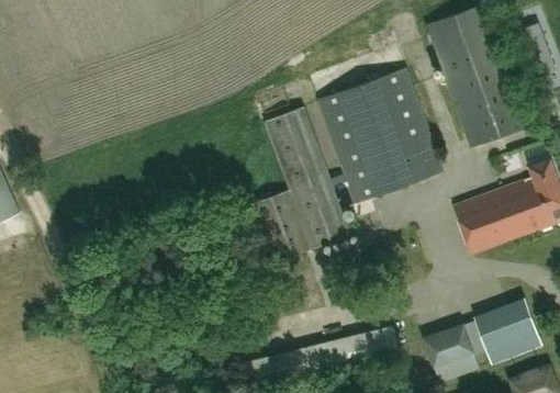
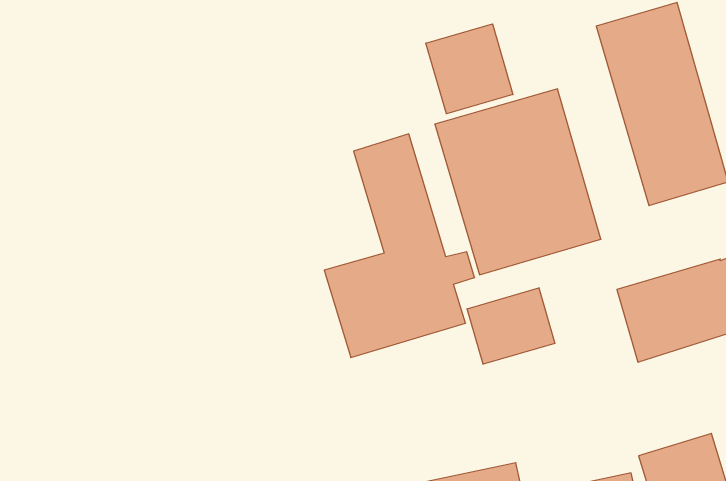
building: none -> [426,24,513,114]
building: none -> [467,288,555,364]

